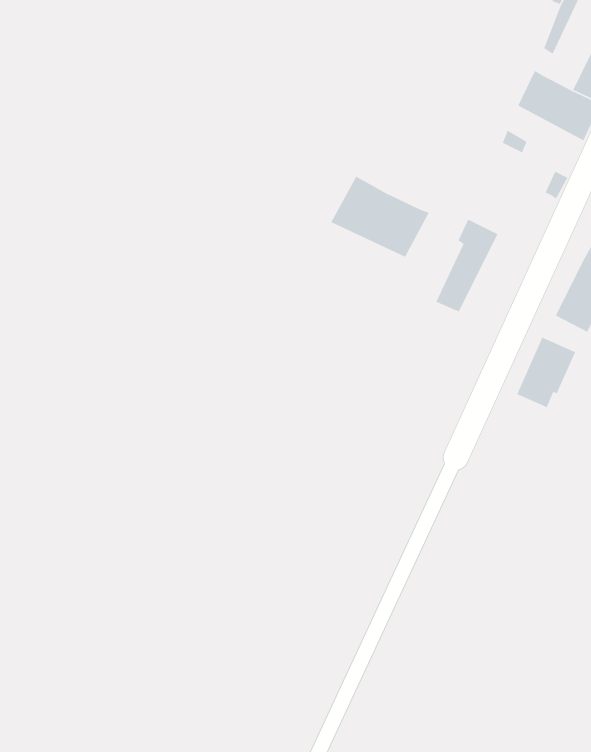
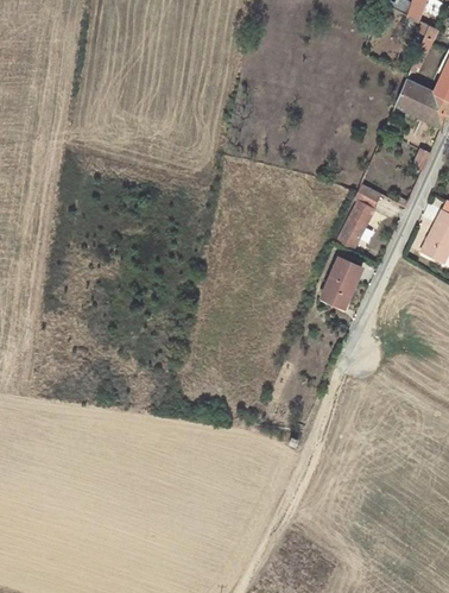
building: [330,176,430,258] -> none
building: [516,336,576,408] -> [321,257,362,307]

